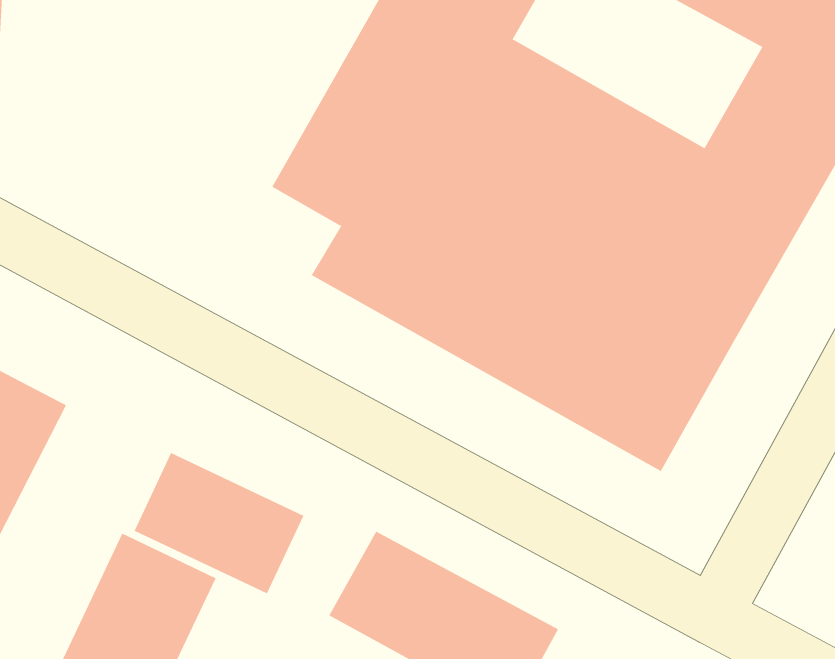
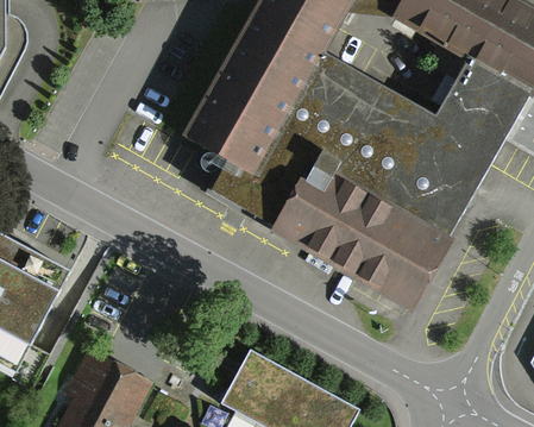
building: [134,452,304,594] -> none

